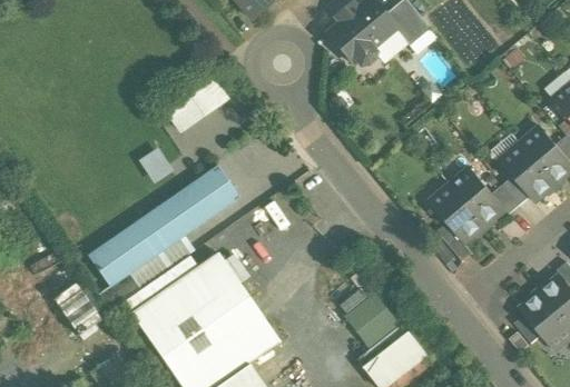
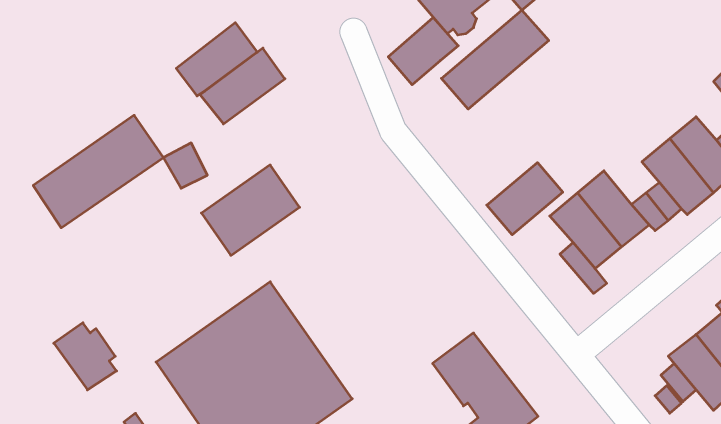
building: none -> [441,10,549,109]
building: none -> [388,17,458,85]
building: none -> [176,23,257,96]
building: none -> [487,163,563,235]
building: [89,200,188,286] -> [33,115,163,228]

